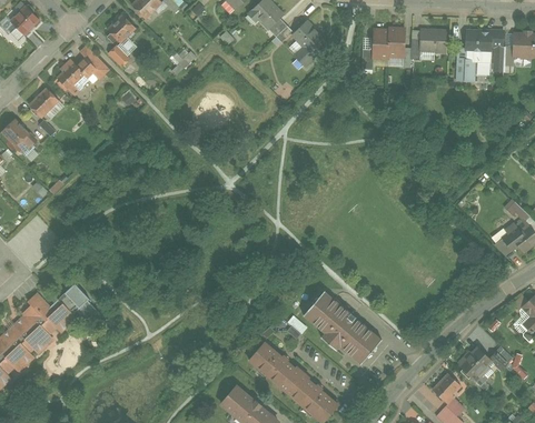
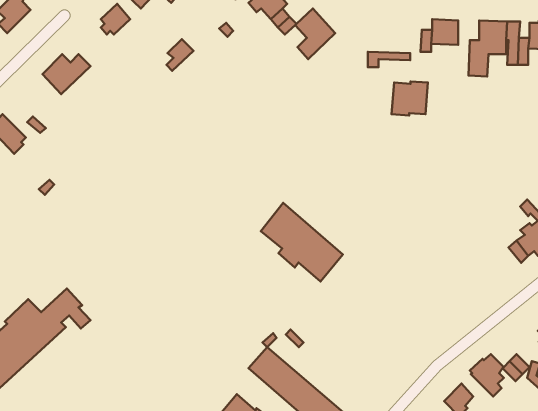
building: [371,26,406,58] -> [392,81,428,115]
building: [27,87,58,118] -> none
building: [304,289,382,363] -> [261,203,343,281]

